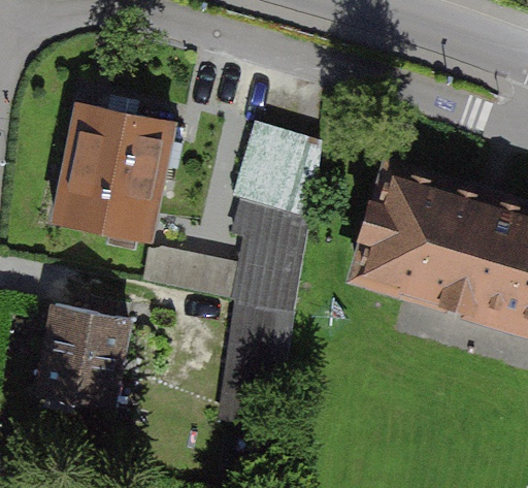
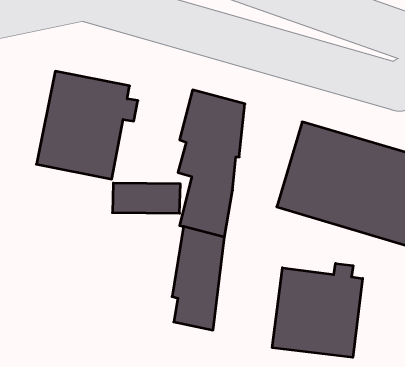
building: [35,306,128,412] -> none
building: none -> [272,263,363,357]

